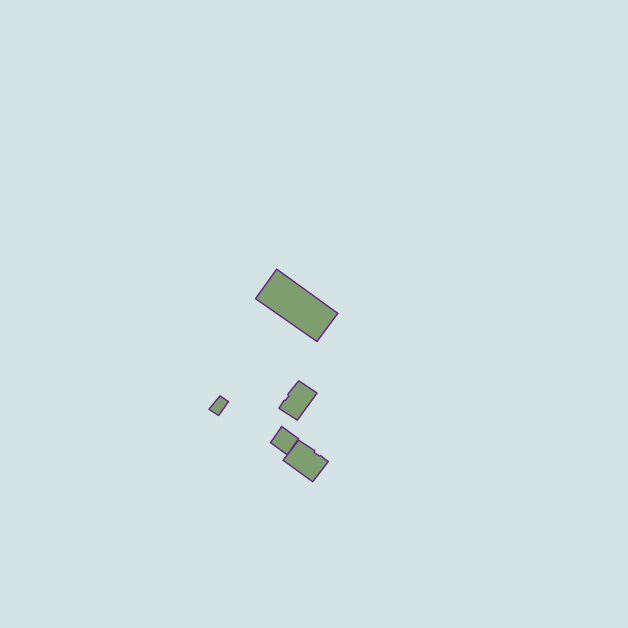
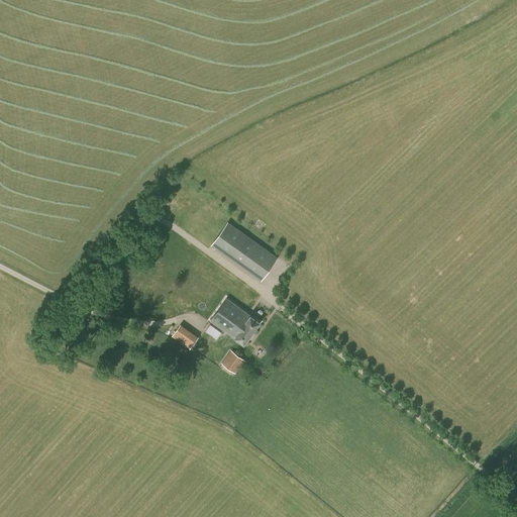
building: none -> [211,299,245,335]
building: [283,440,328,482] -> none

